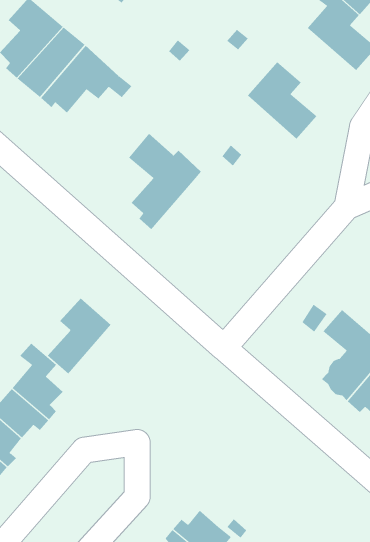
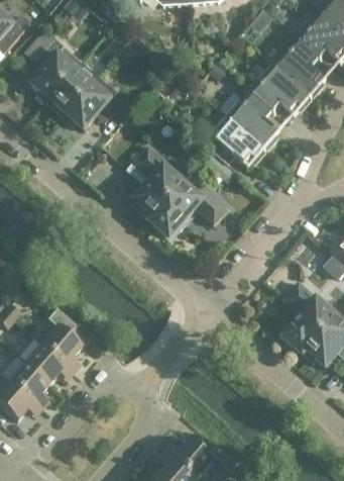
building: none -> [248,62,310,113]
building: none -> [202,114,263,166]
building: none -> [150,181,228,236]
building: [47,297,112,375] -> none

